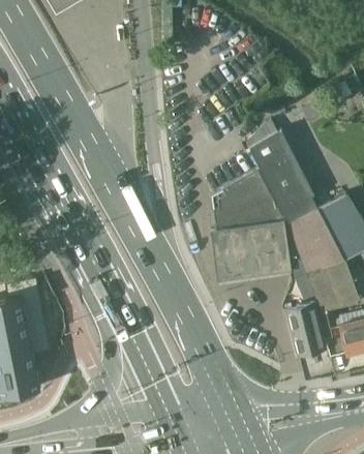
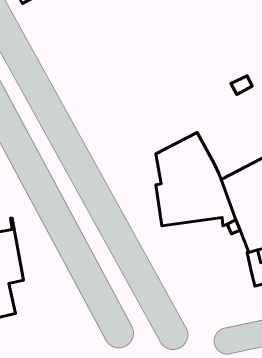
building: [248,121,320,225] -> none
building: [287,303,328,356] -> none

